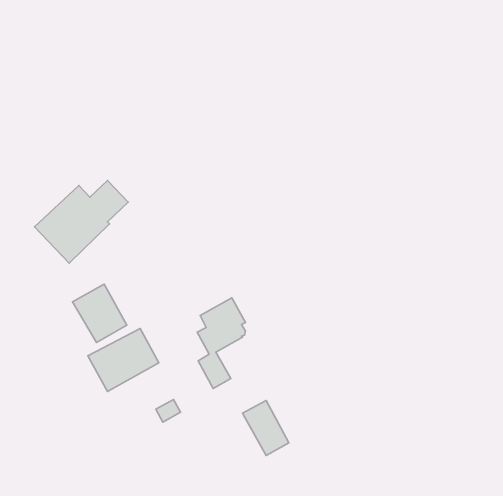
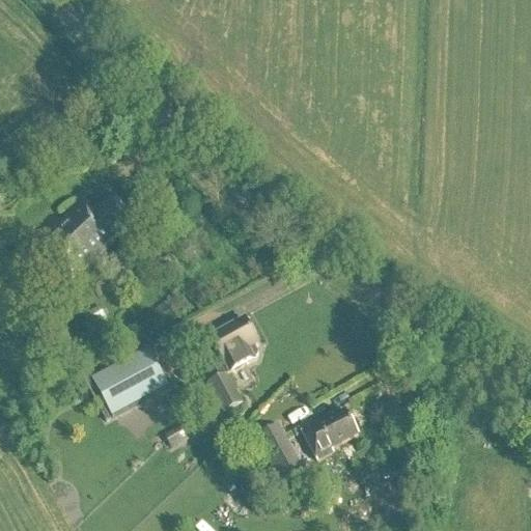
building: [72,284,127,343] -> none
building: none -> [302,407,359,456]

